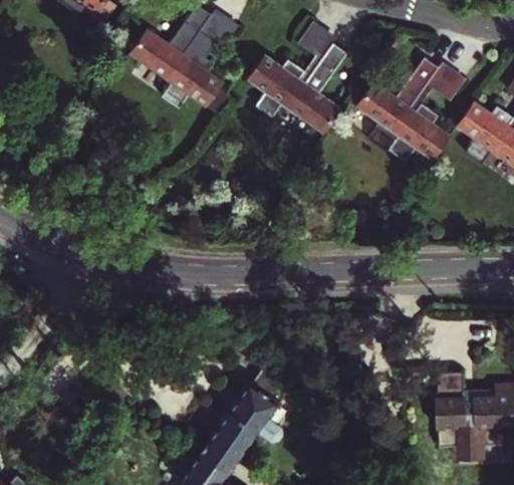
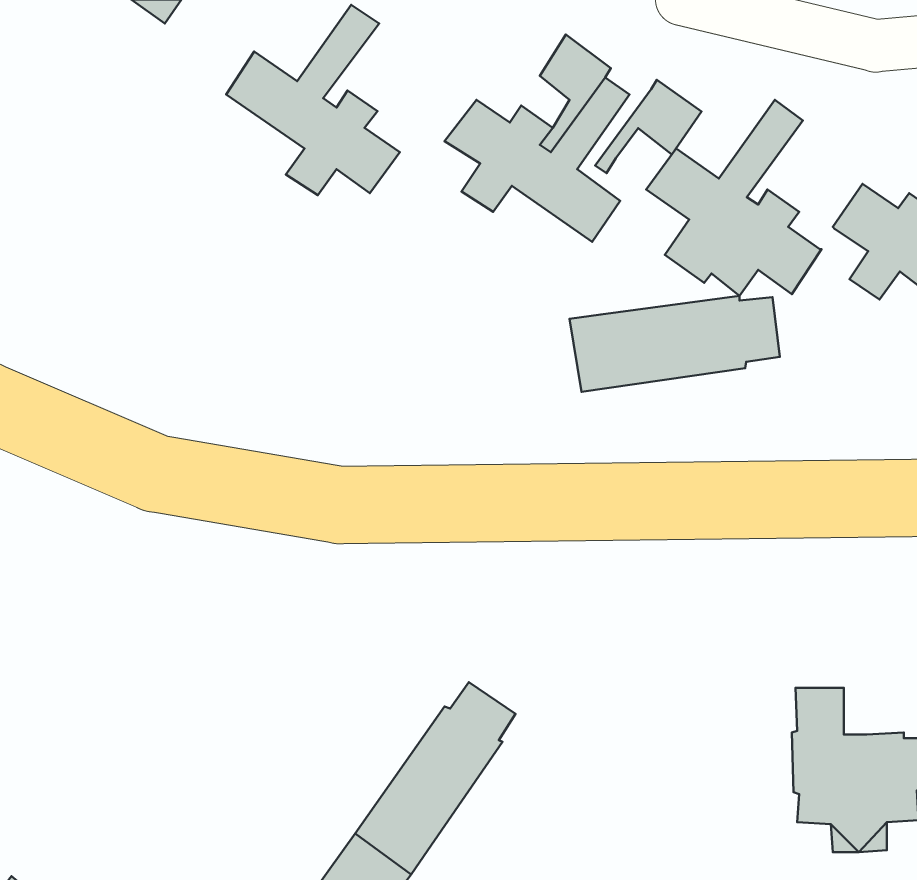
building: [183,9,241,60] -> none
building: [411,62,468,112] -> [595,80,702,173]
building: none -> [570,296,780,392]

